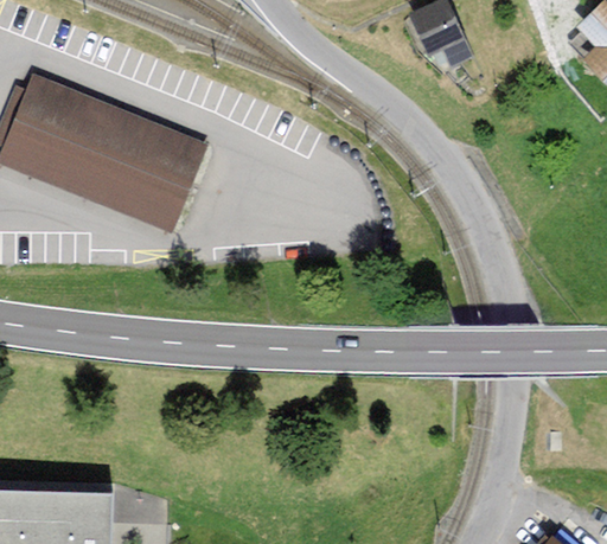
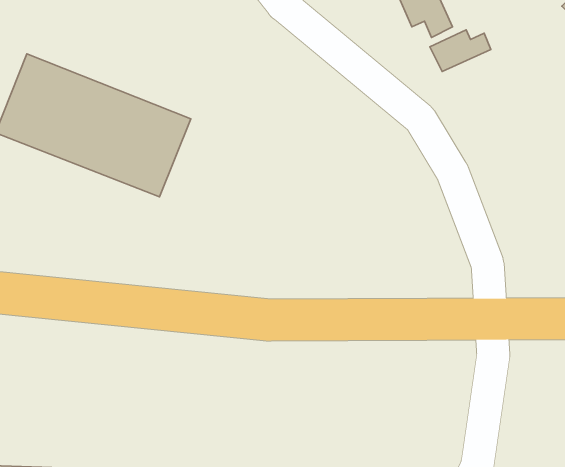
building: none -> [430,30,491,71]

